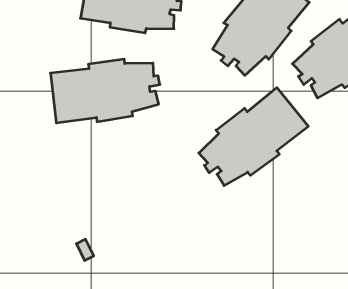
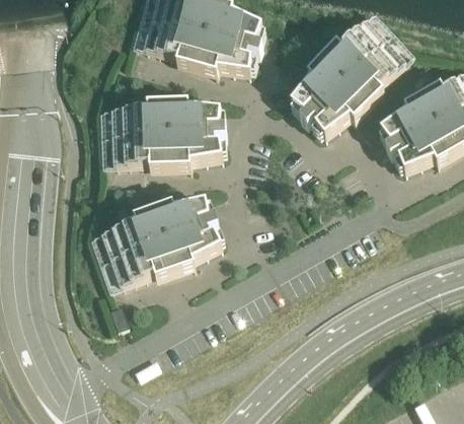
building: [199,88,308,186] -> none
building: none -> [91,197,220,287]

